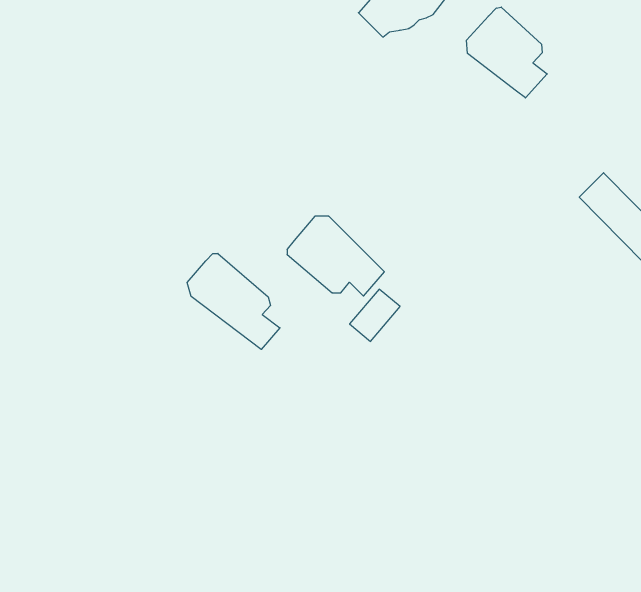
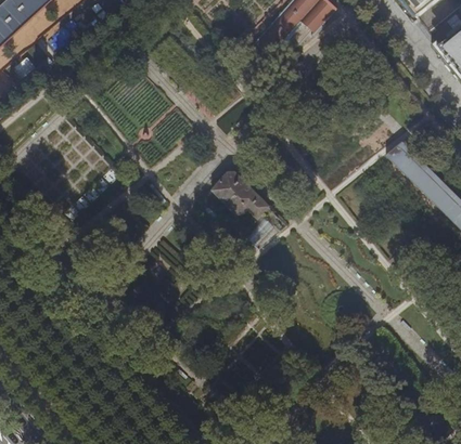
building: [466,7,547,98] -> none
building: [187,253,280,349] -> none

